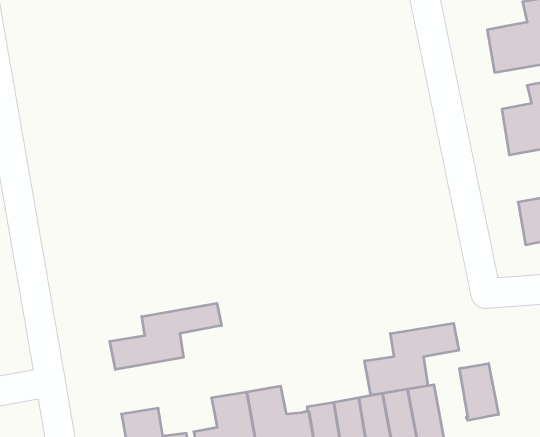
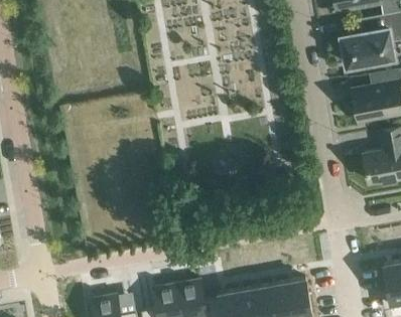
building: [110,303,222,370] -> none
building: [365,323,459,395] -> none
building: [459,363,498,420] -> none

